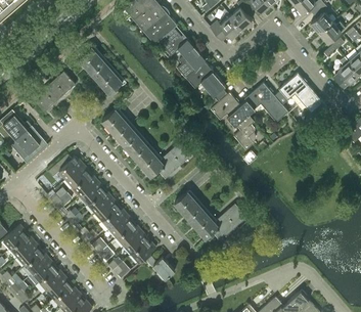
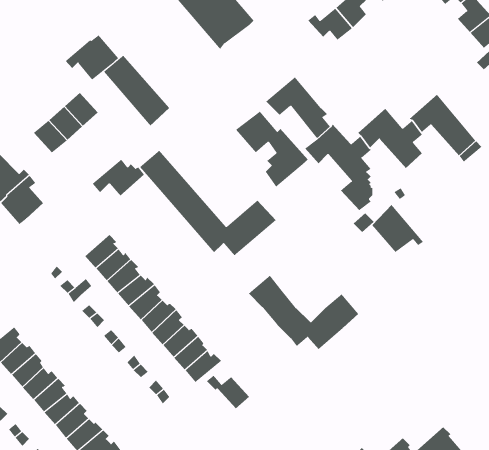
building: [159,29,207,79] -> [235,111,309,187]
building: none -> [65,35,119,81]
building: none -> [371,204,424,253]
building: [48,155,83,180] -> [92,159,145,196]

